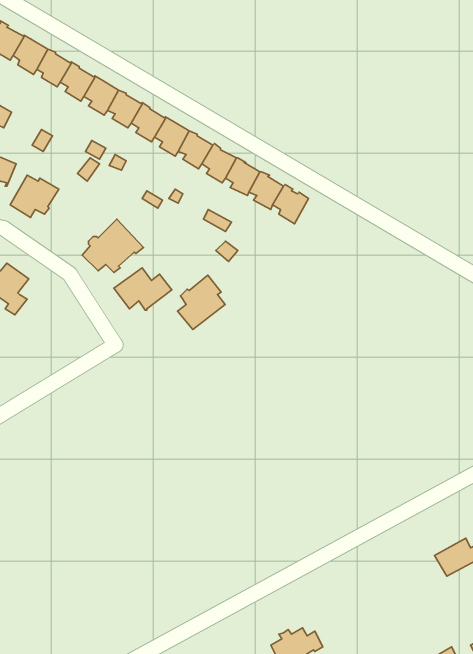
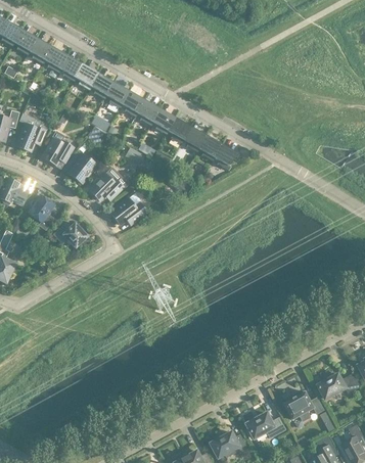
building: none -> [69,152,97,183]
building: [178,275,225,330] -> none
building: none -> [53,221,88,246]
building: none -> [285,390,325,420]
building: none -> [248,412,287,437]

